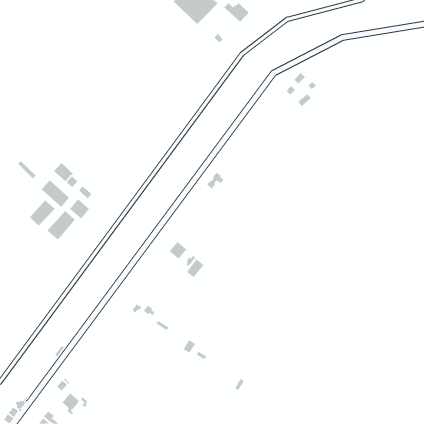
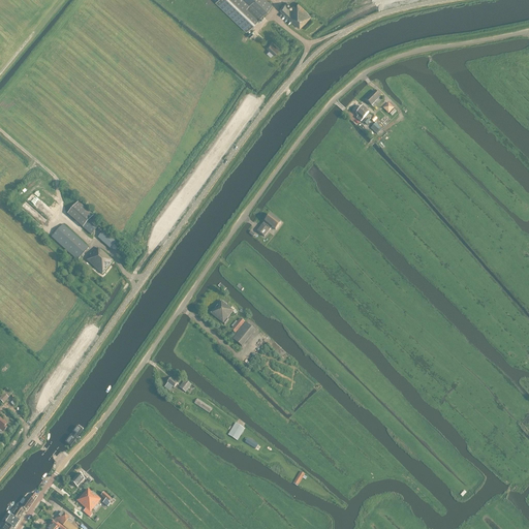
building: [29,199,55,227] -> none
building: [47,210,76,240] -> none

